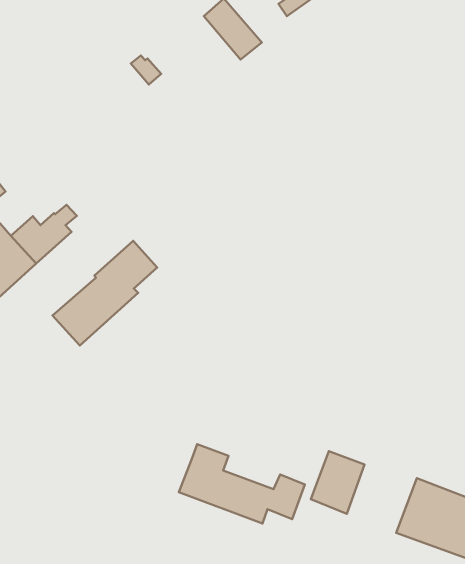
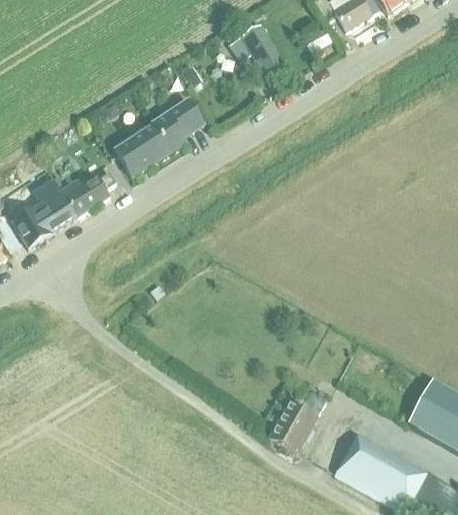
building: [53,241,157,346] -> [114,100,203,177]
building: [179,444,305,524] -> none

